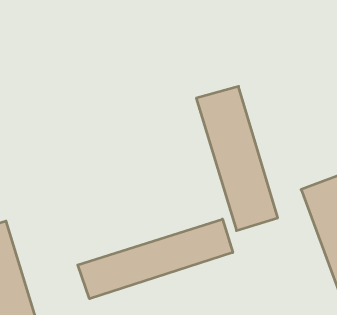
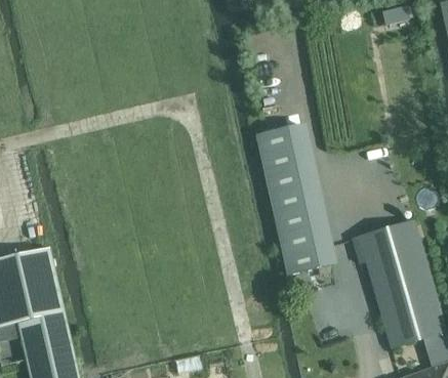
building: [78,219,233,299] -> none

